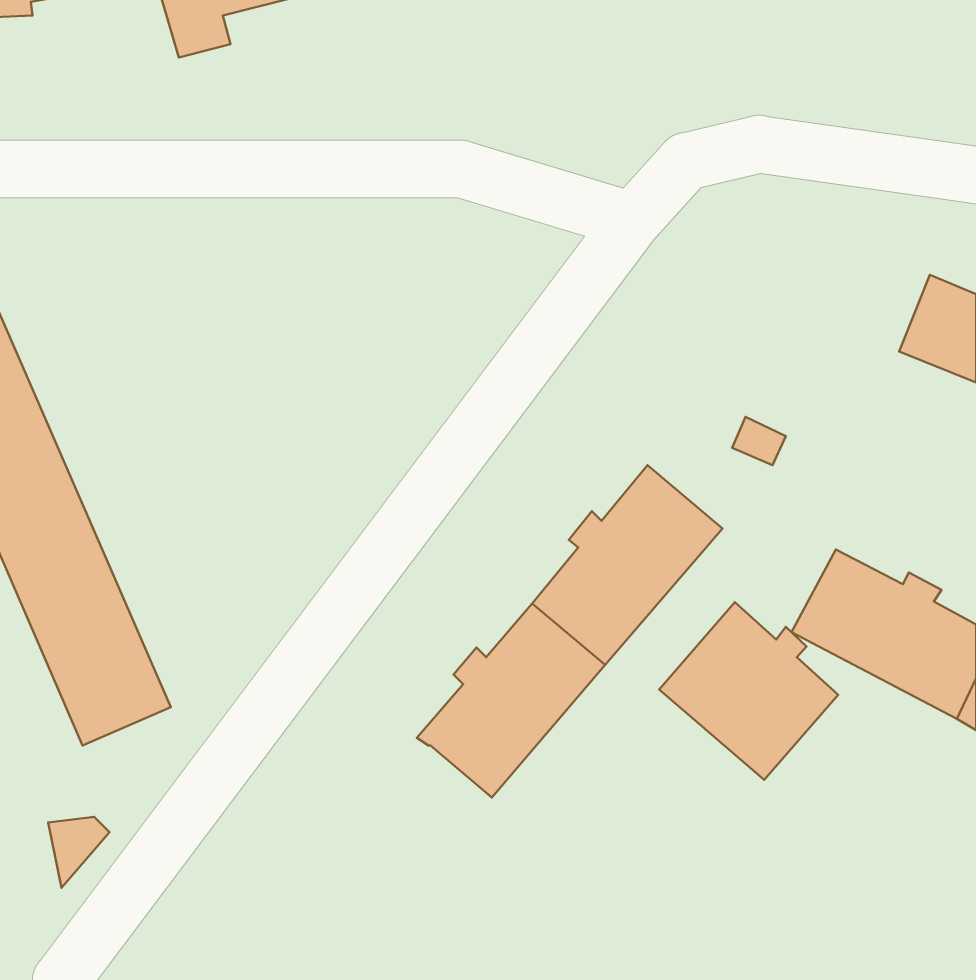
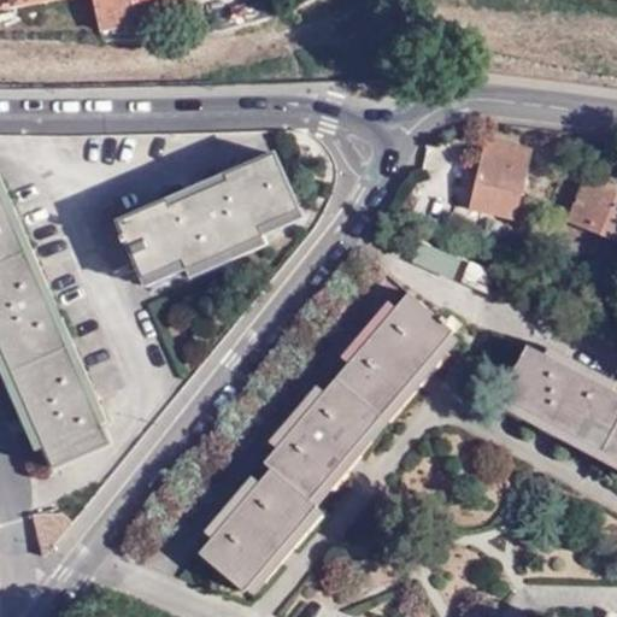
building: none -> [466,139,529,219]
building: none -> [114,153,296,278]
building: [659,602,838,780] -> none
building: none -> [196,468,316,592]

